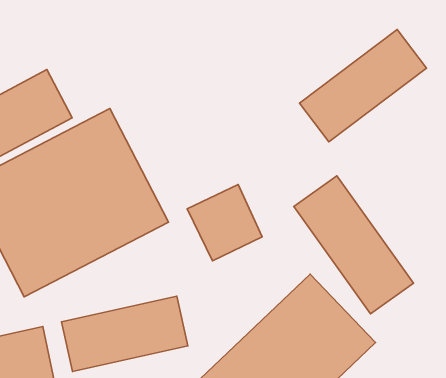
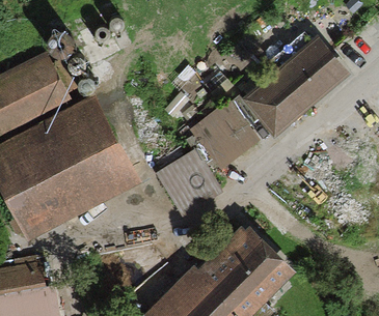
building: none -> [190,104,252,165]
building: [294,176,414,314] -> none
building: [62,296,188,372] -> none

